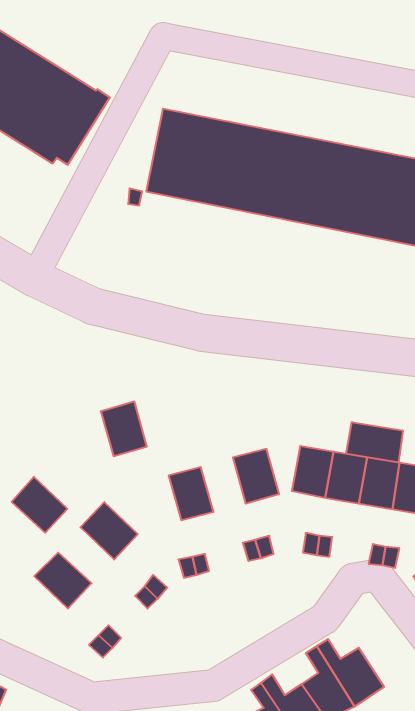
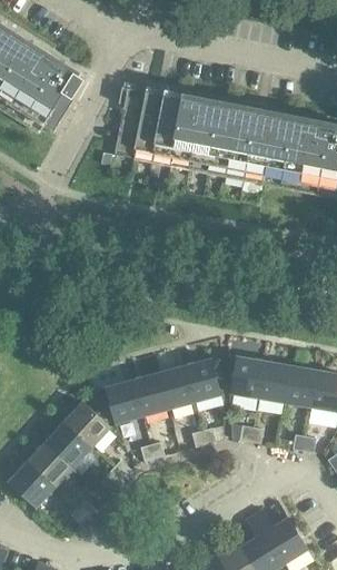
building: [101,402,147,456] -> [108,380,145,423]
building: [346,422,403,463] -> none
building: none -> [160,365,196,409]
building: [12,477,67,533] -> [47,421,91,465]
building: none -> [10,460,54,504]

